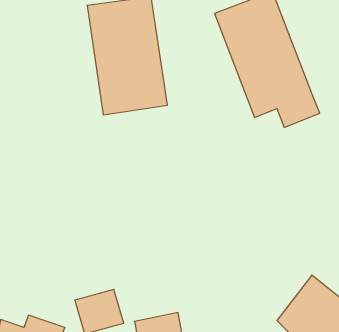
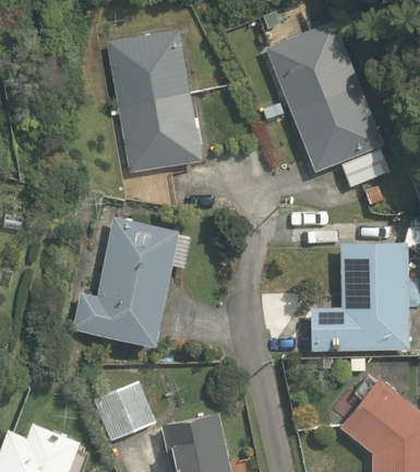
building: none -> [73,215,189,350]
building: none -> [311,243,408,351]

